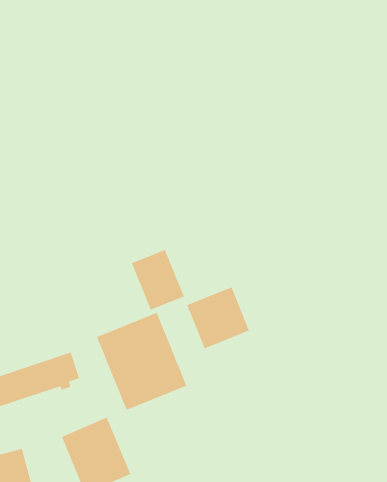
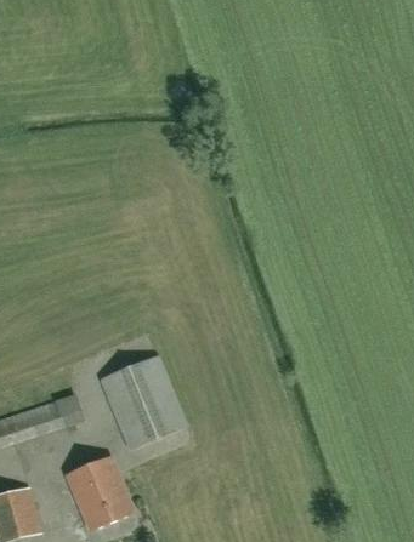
building: [131,249,184,311] -> none
building: [187,287,250,349] -> none

